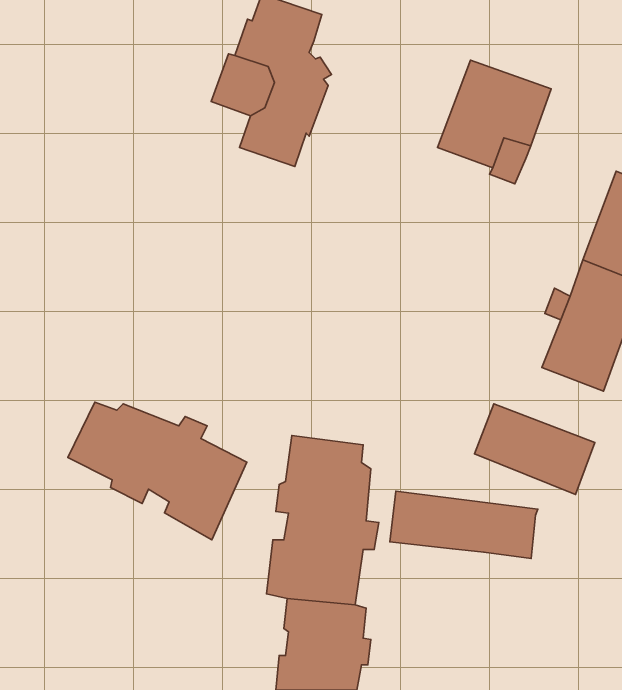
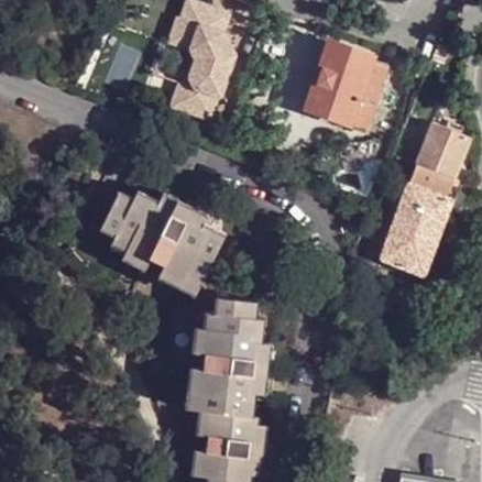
building: [68,402,247,540] -> [96,194,220,289]
building: [474,404,595,494] -> none
building: [390,491,538,559] -> none

